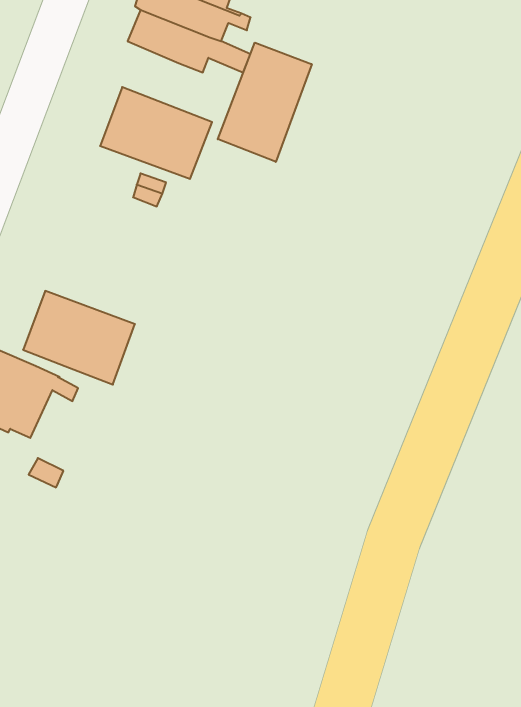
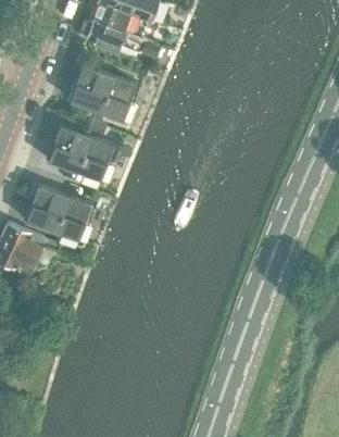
building: [218,43,312,162] -> none
building: none -> [47,125,113,180]

